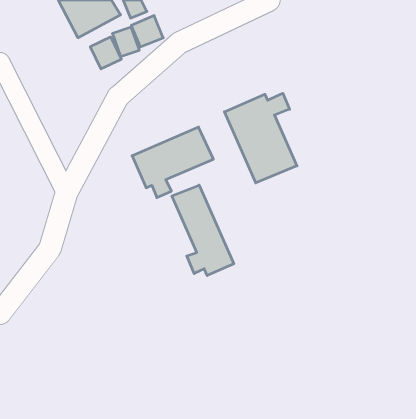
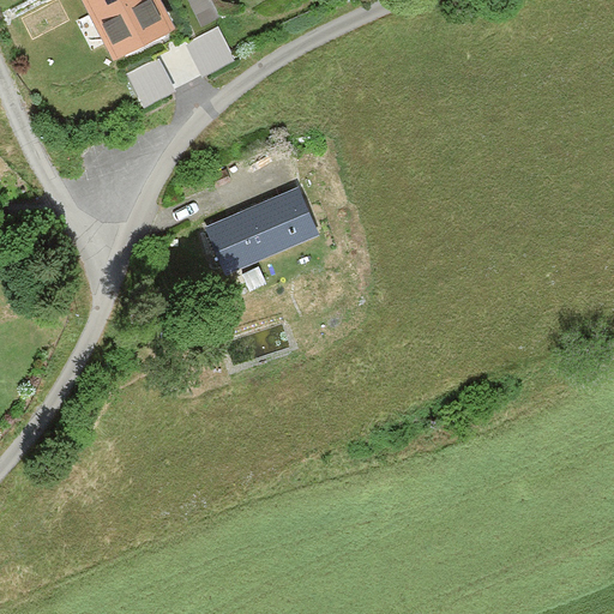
building: [224,93,297,183] -> none
building: [172,185,234,276] -> none

